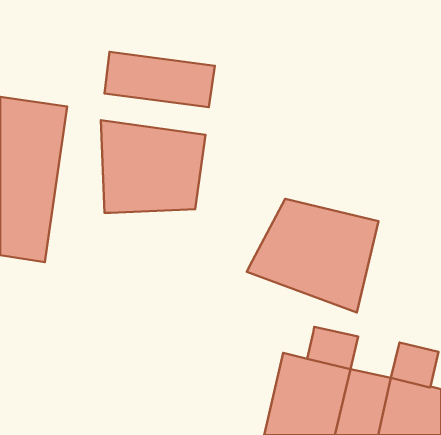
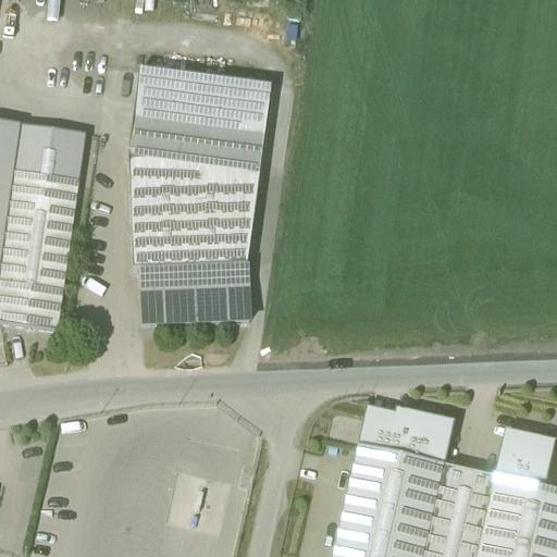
building: none -> [127,117,263,170]
building: [247,199,378,313] -> none
building: none -> [139,263,248,323]
building: none -> [357,412,395,451]

